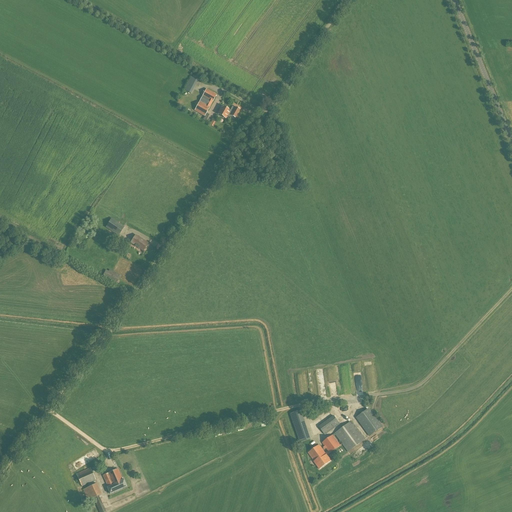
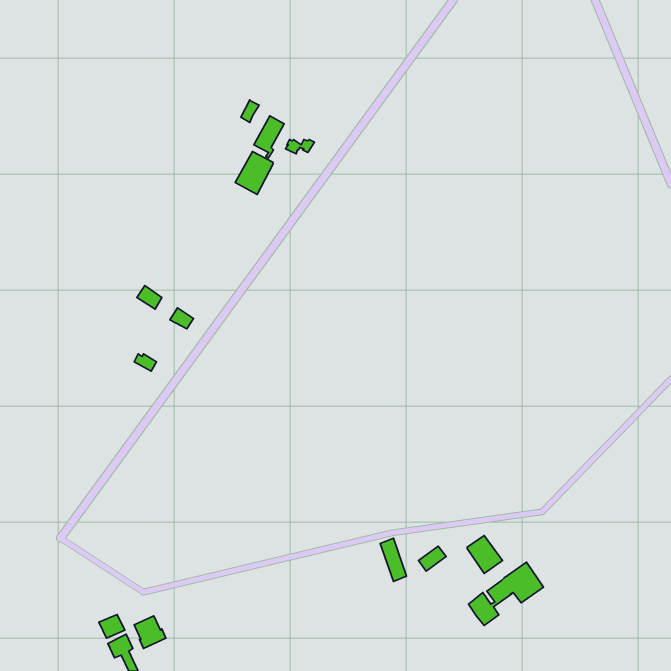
building: none -> [235,152,273,194]
building: [307,420,364,468] -> [469,562,543,625]

